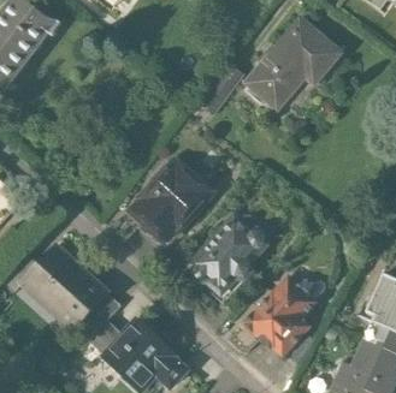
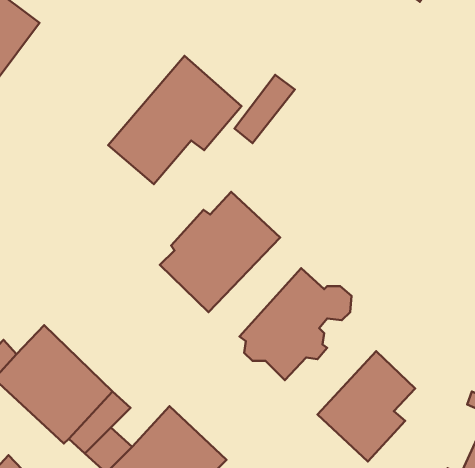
building: [242,14,341,109] -> [108,56,241,184]

